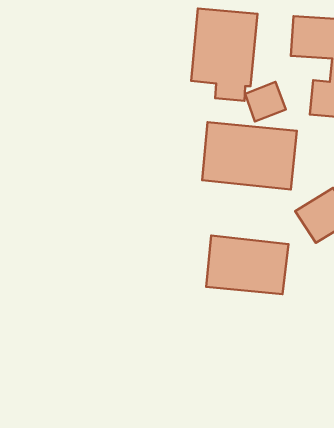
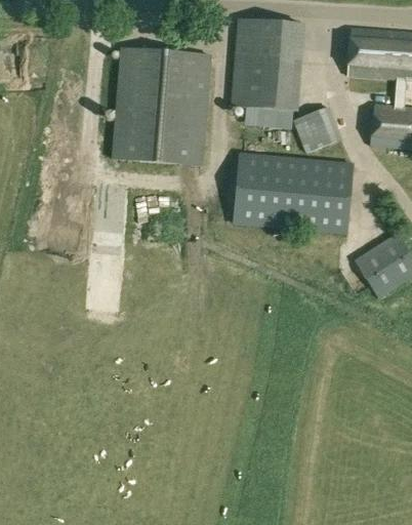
building: none -> [112,47,211,165]
building: [206,236,288,294] -> none

